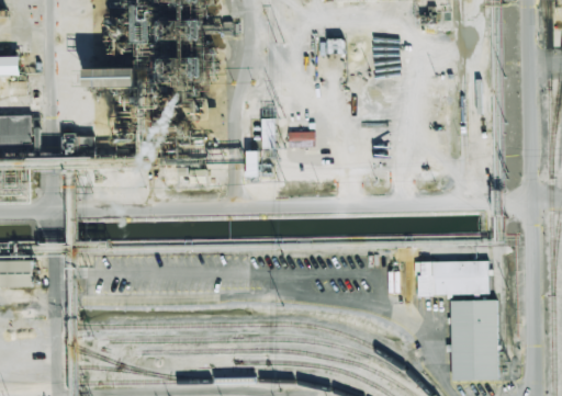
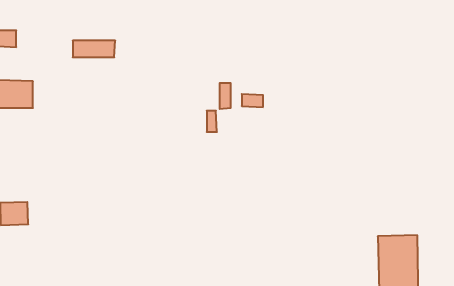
building: [415,261,487,295] -> none

